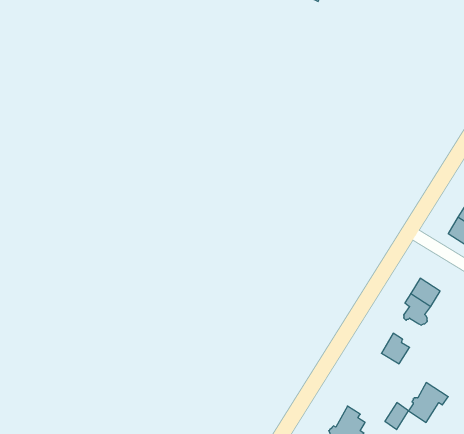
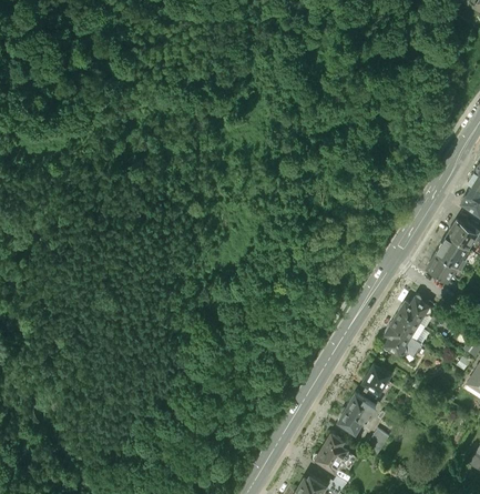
building: none -> [400,296,432,324]
building: [408,383,448,422] -> [339,394,377,432]

